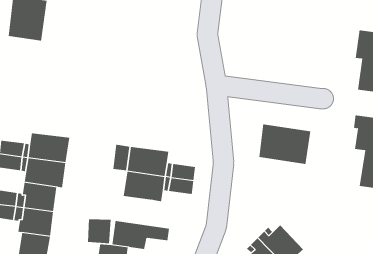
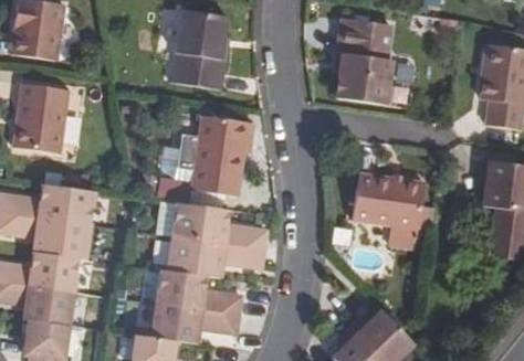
building: none -> [170,10,228,91]
building: none -> [337,19,394,105]
building: none -> [13,84,69,153]
building: none -> [179,115,255,197]
building: none -> [157,269,235,315]

